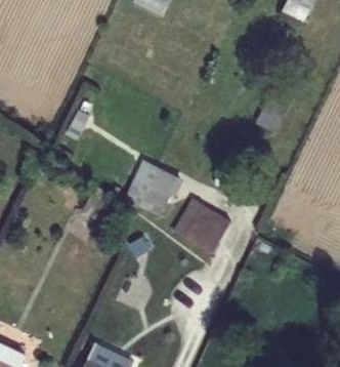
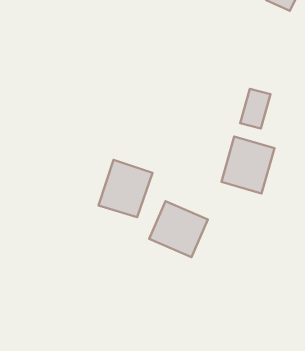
building: none -> [221,136,274,193]

